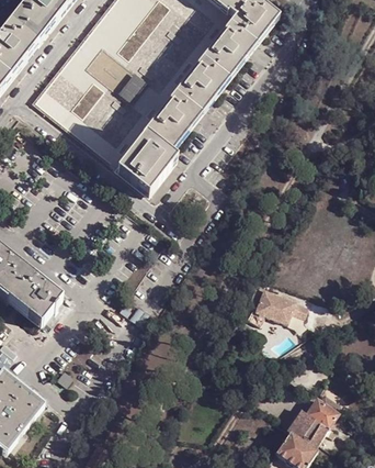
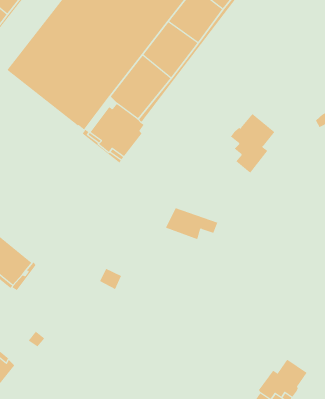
building: none -> [230,113,275,173]
building: [255,292,309,325] -> [165,207,218,240]

